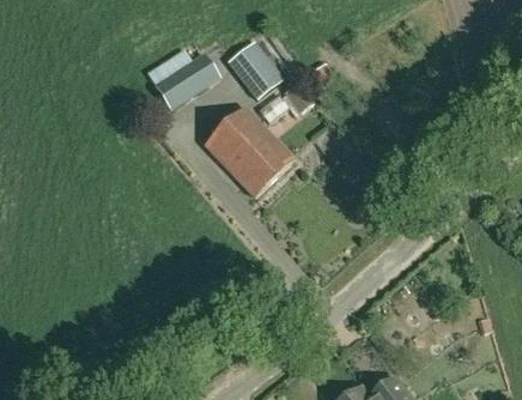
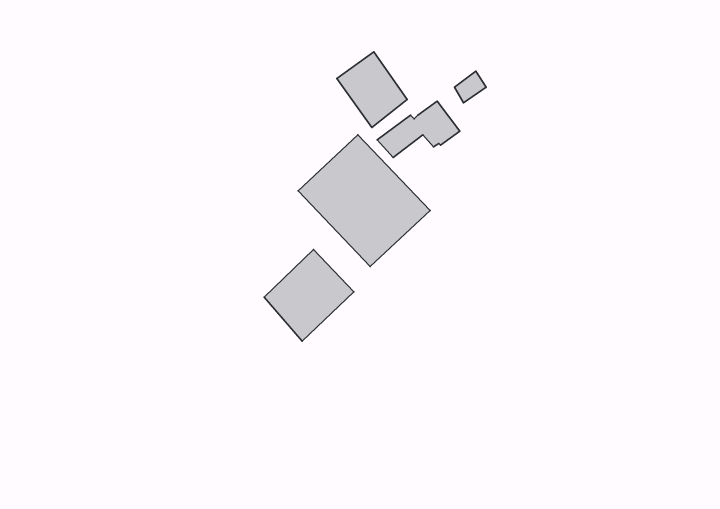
building: [146,47,219,108] -> none
building: none -> [264,249,354,341]

